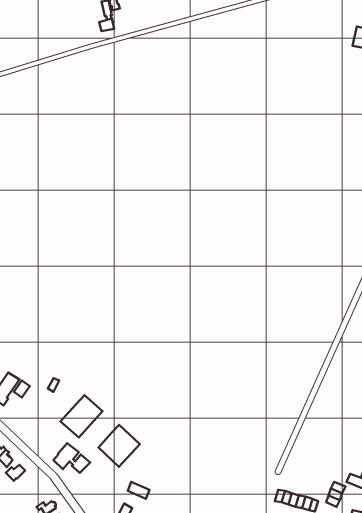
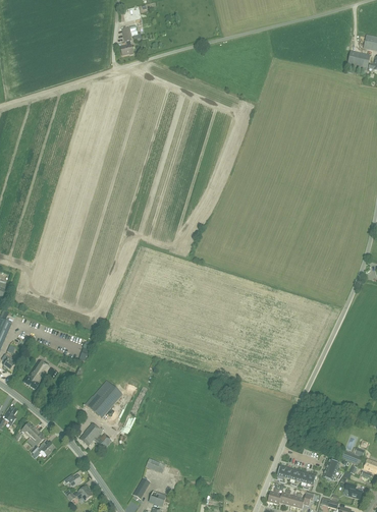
building: [98,425,140,467] -> none

